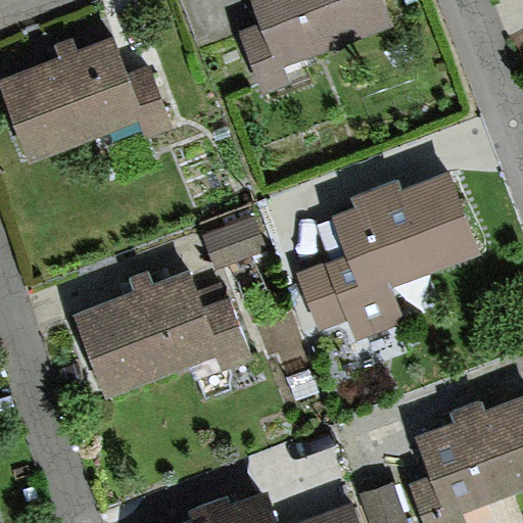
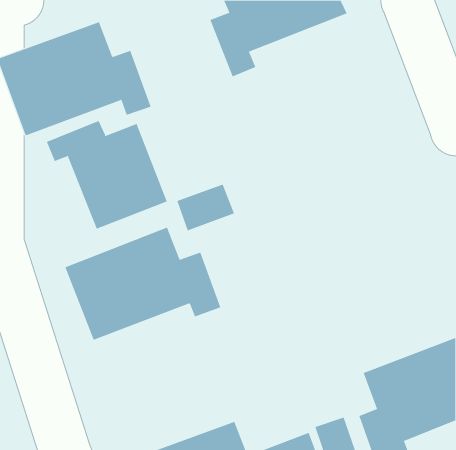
building: none -> [46,120,167,230]
building: [295,169,481,342] -> none

